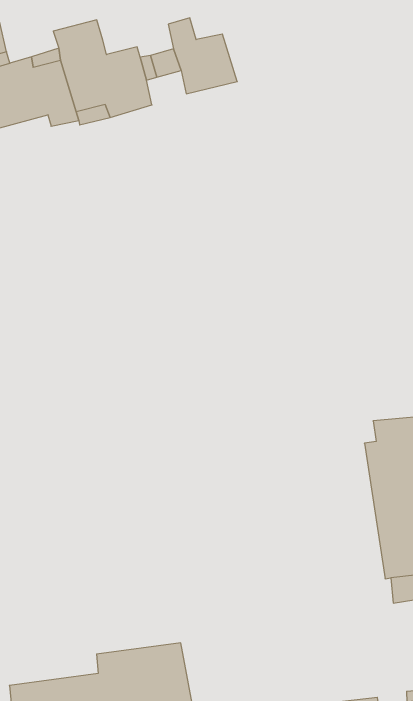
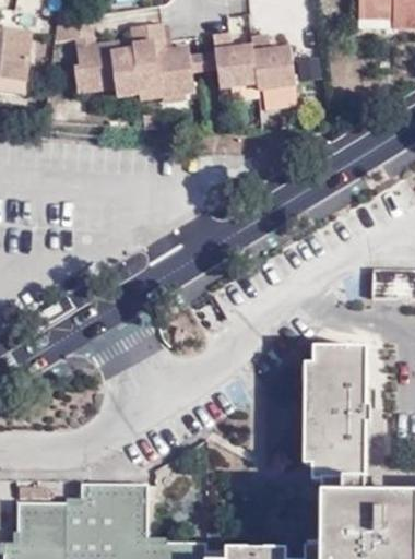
building: none -> [247,37,290,91]

